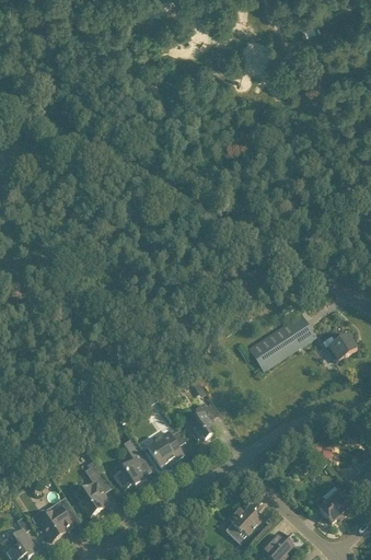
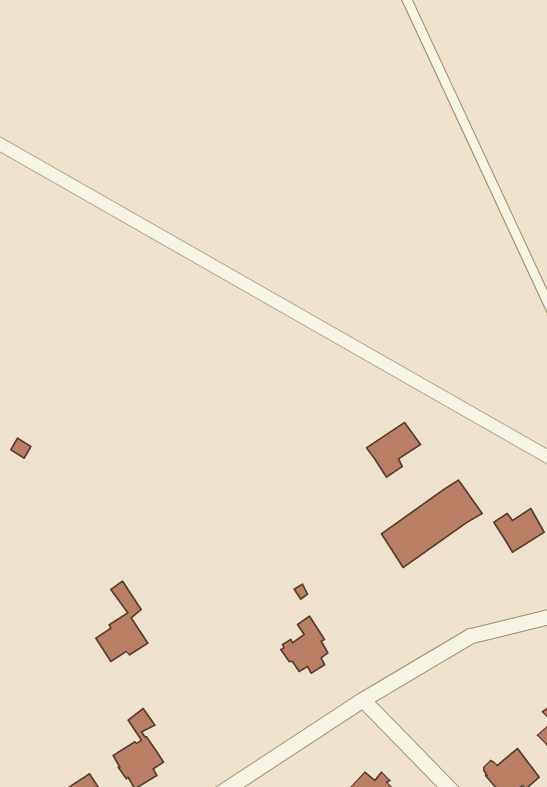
building: none -> [367,423,420,477]
building: [147,429,185,466] -> none
building: [113,438,147,490] -> [96,581,148,662]

